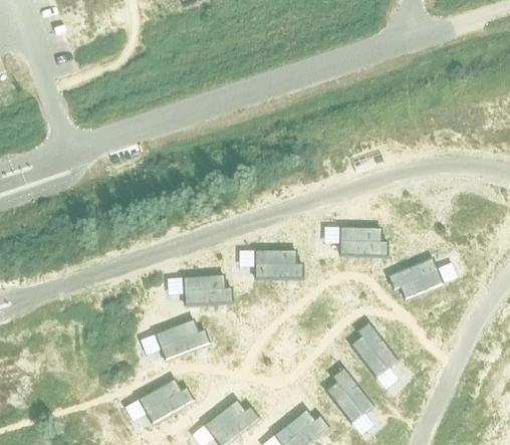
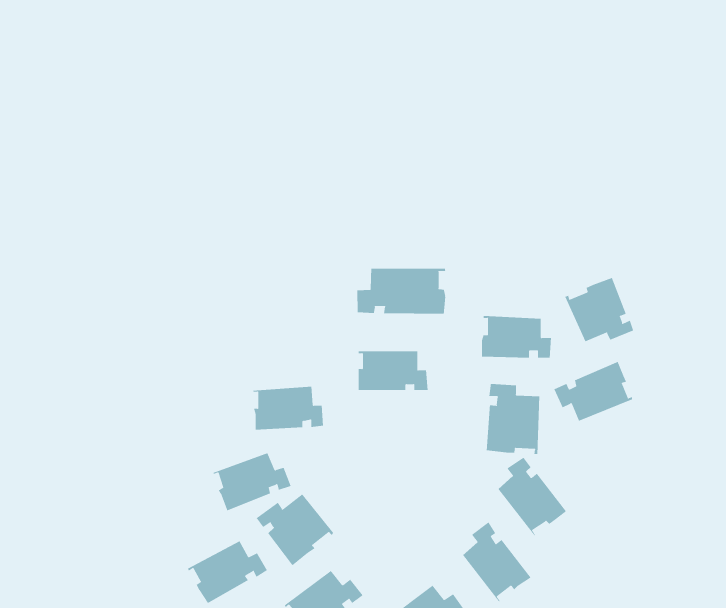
building: none -> [357,268,446,314]
building: none -> [565,277,634,342]
building: none -> [486,383,540,455]
building: none -> [256,494,334,566]

